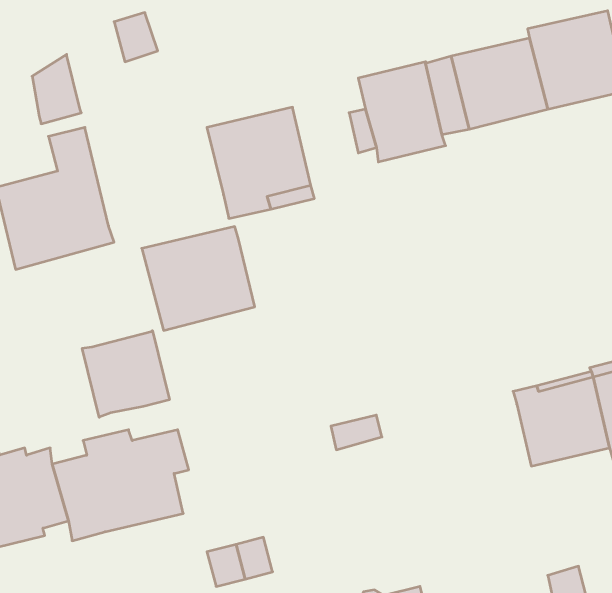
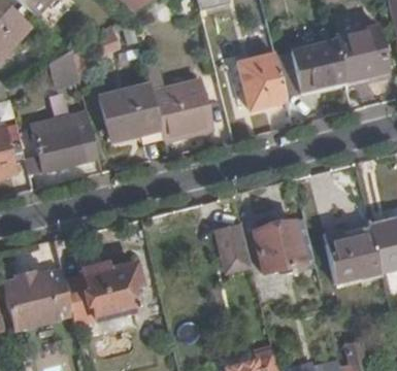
building: [142,227,255,330] -> [97,83,161,142]
building: [82,331,169,417] -> none
building: none -> [251,218,313,271]
building: none -> [214,224,247,260]

